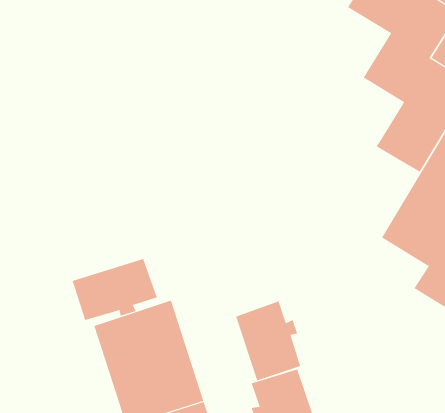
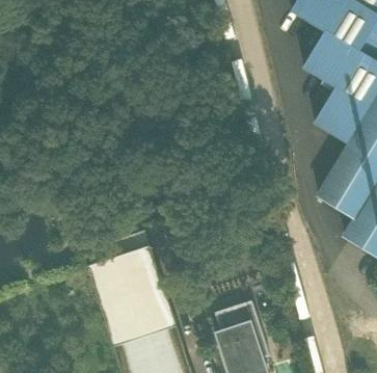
building: [72,258,158,321] -> none
building: [236,300,301,381] -> none

